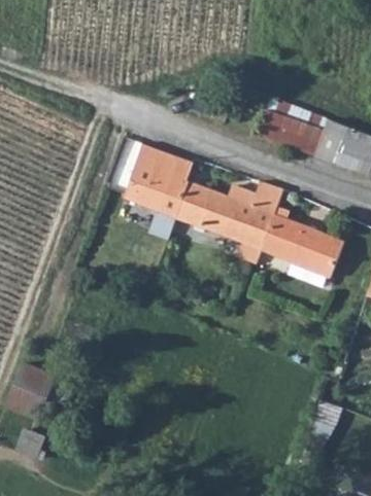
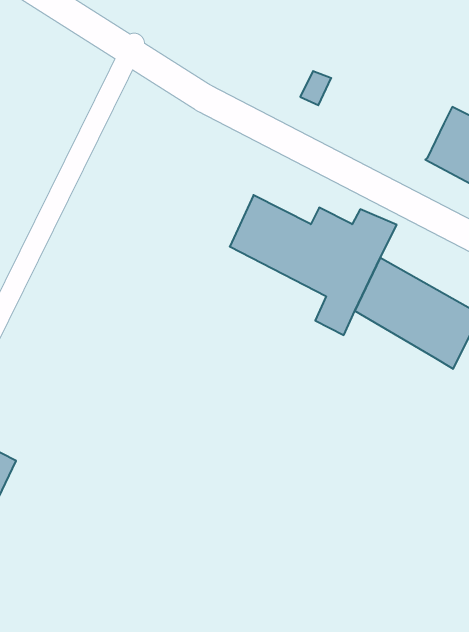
building: [267,111,306,145] -> none
building: [126,148,194,217] -> none

